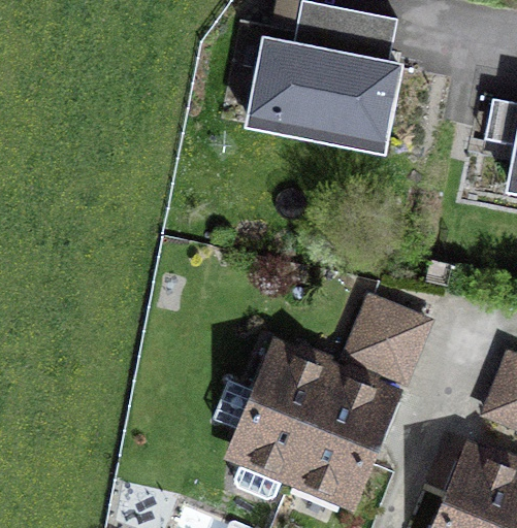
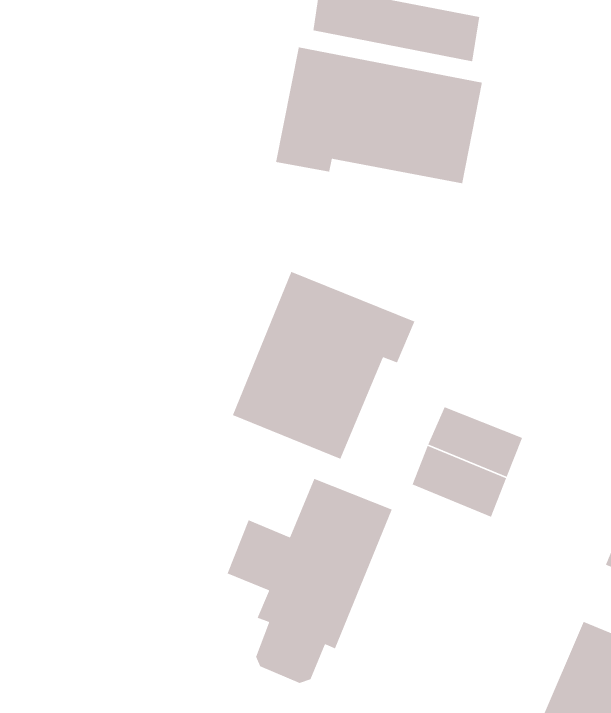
building: none -> [232,271,415,460]
building: [292,371,391,496] -> none

